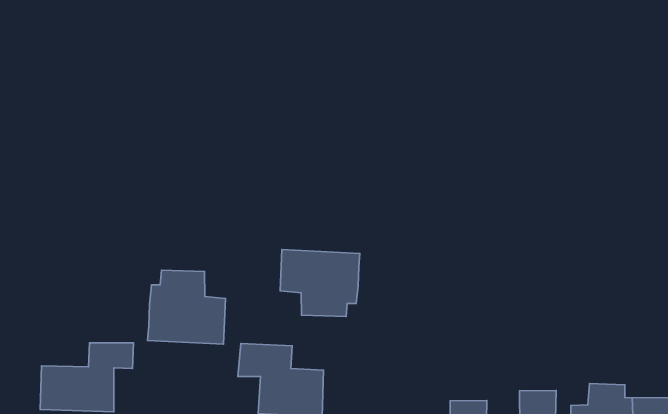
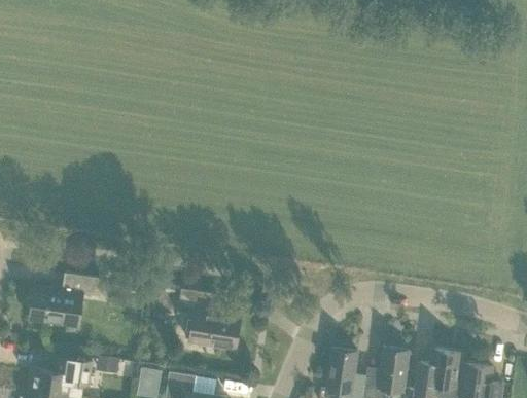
building: [280,249,360,317] -> none
building: [148,270,225,344] -> none

